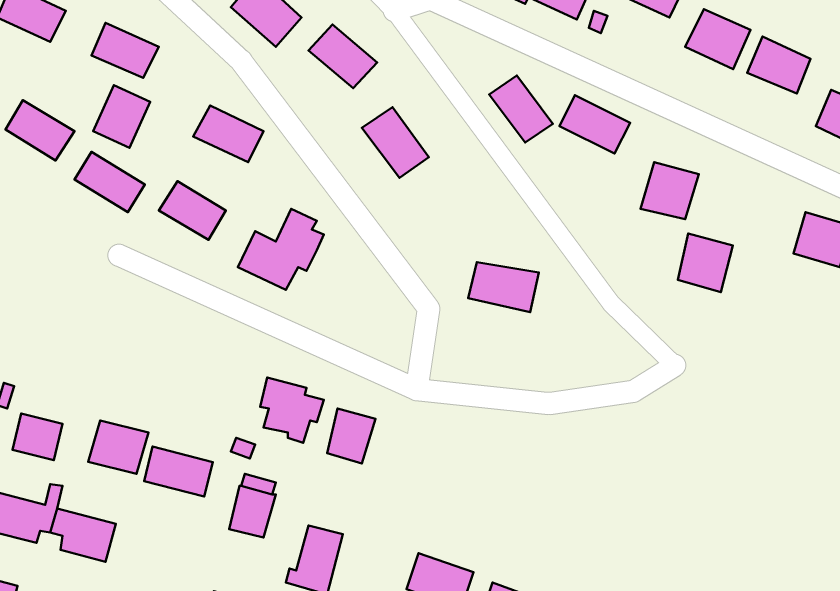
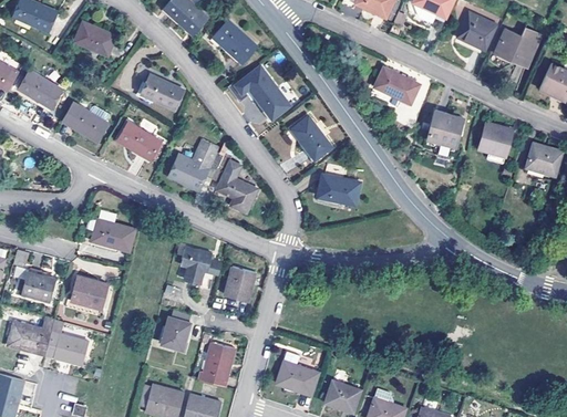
building: [489,75,553,143] -> [290,116,331,159]
building: [93,85,150,148] -> none
building: [678,233,733,292] -> [478,121,514,158]
building: none -> [212,166,257,213]
building: [144,447,213,497] -> [91,220,135,252]

